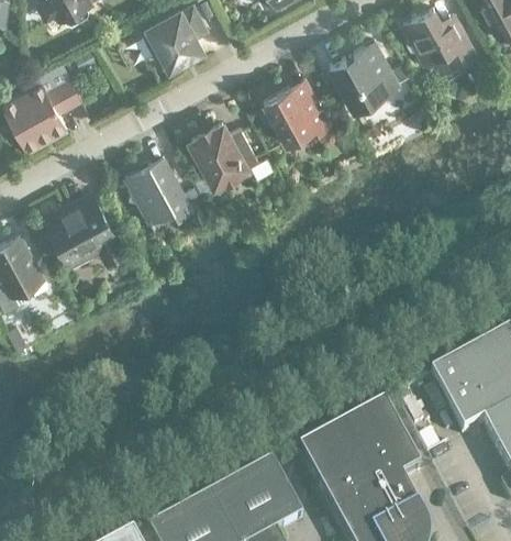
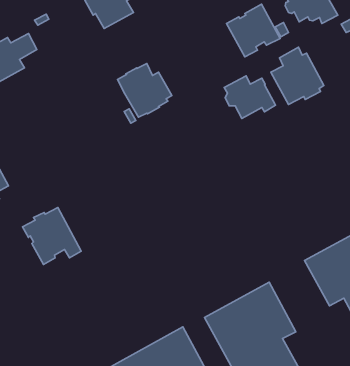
building: [264,85,331,141] -> [224,76,275,118]
building: none -> [271,47,324,104]
building: [125,154,193,230] -> none
building: [47,194,124,268] -> [22,207,81,264]

